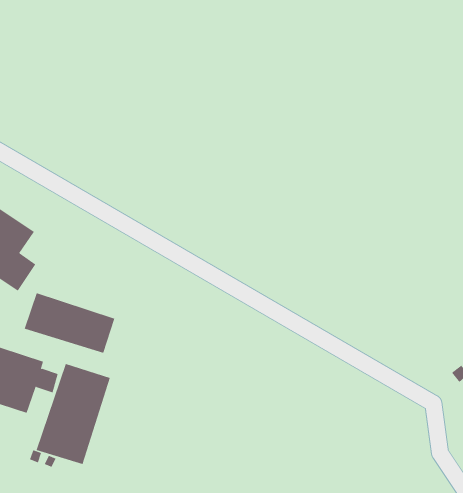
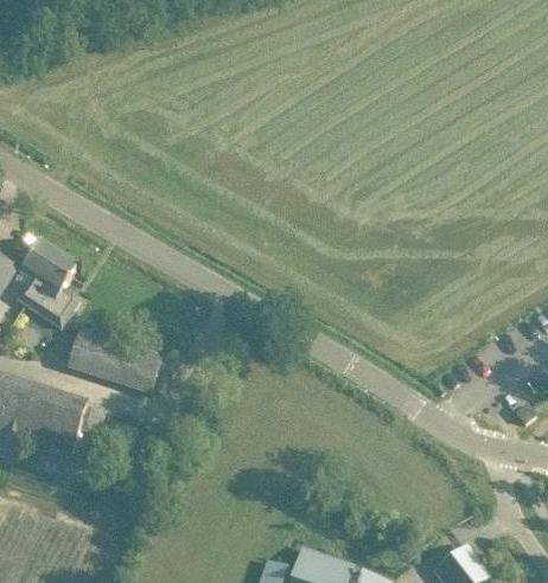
building: [36,363,110,465] -> none

